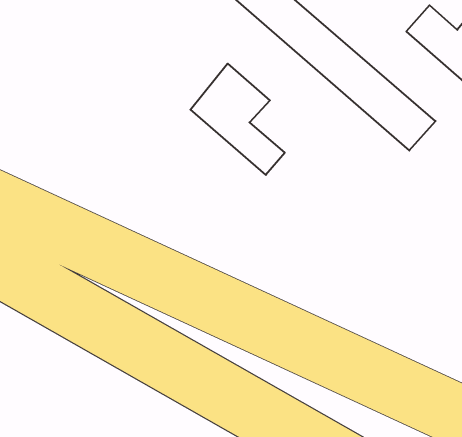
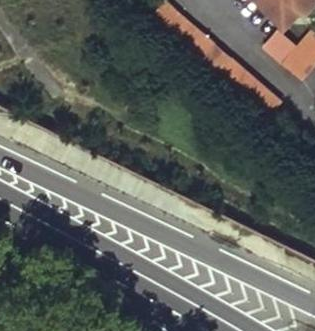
building: [190,64,285,175] -> none

